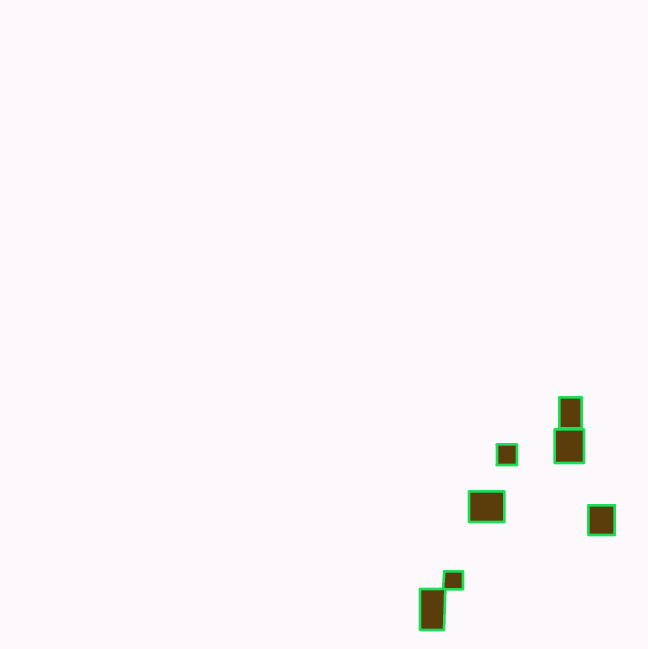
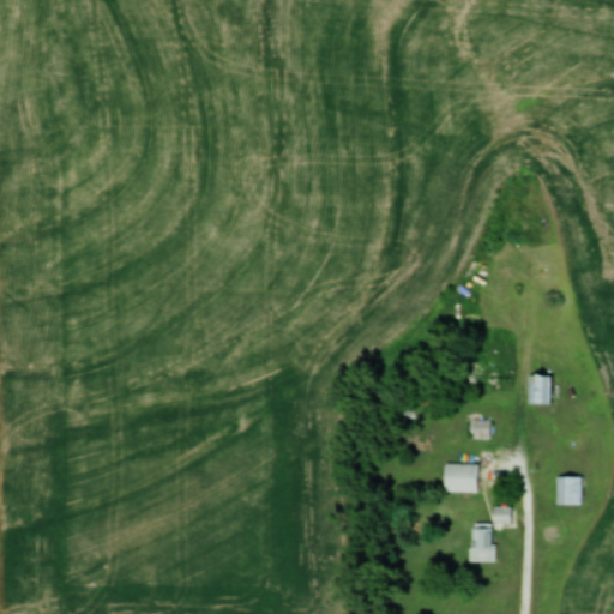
building: [555,429,584,463] -> none
building: [420,571,463,630] -> [470,507,511,562]

